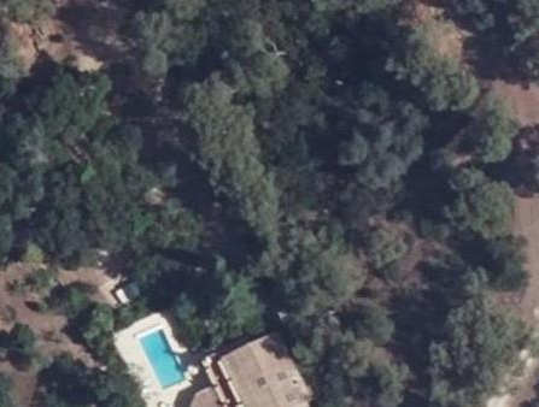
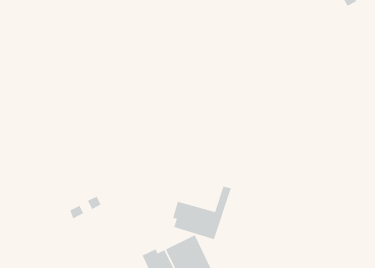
building: none -> [172,186,232,240]

